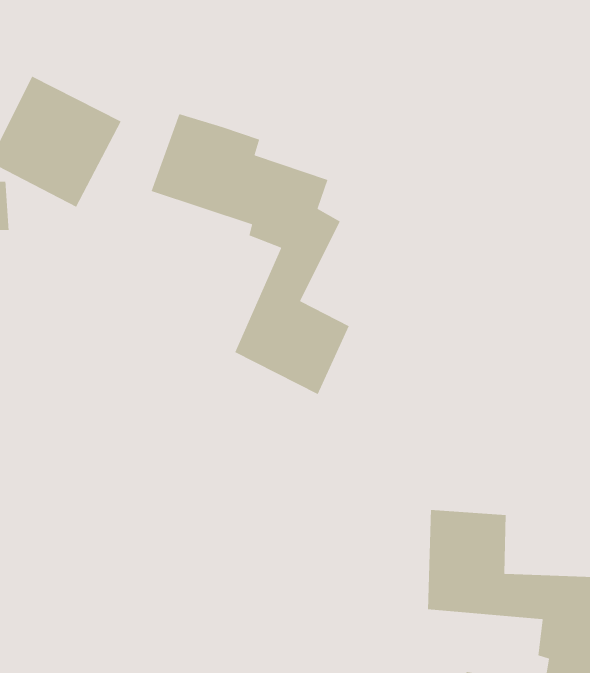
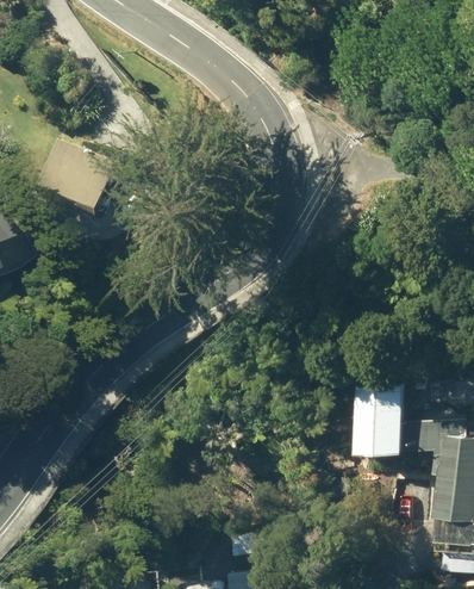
building: [151,113,350,395] -> none

